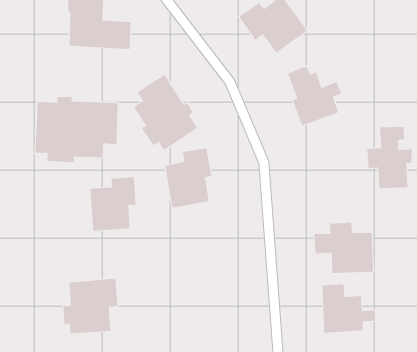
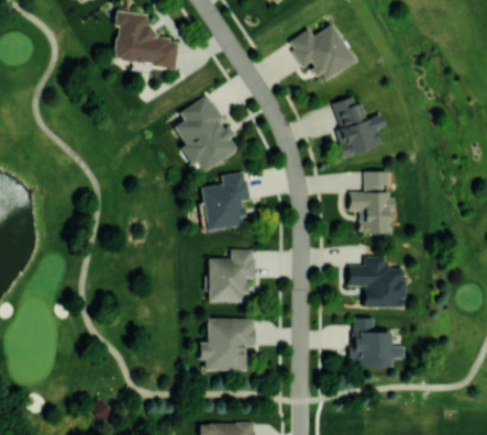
building: [35,96,118,163] -> none
building: [366,127,412,188] -> [350,171,396,234]
building: [90,177,137,231] -> [209,250,255,302]
building: [62,278,118,334] -> [199,319,255,371]

